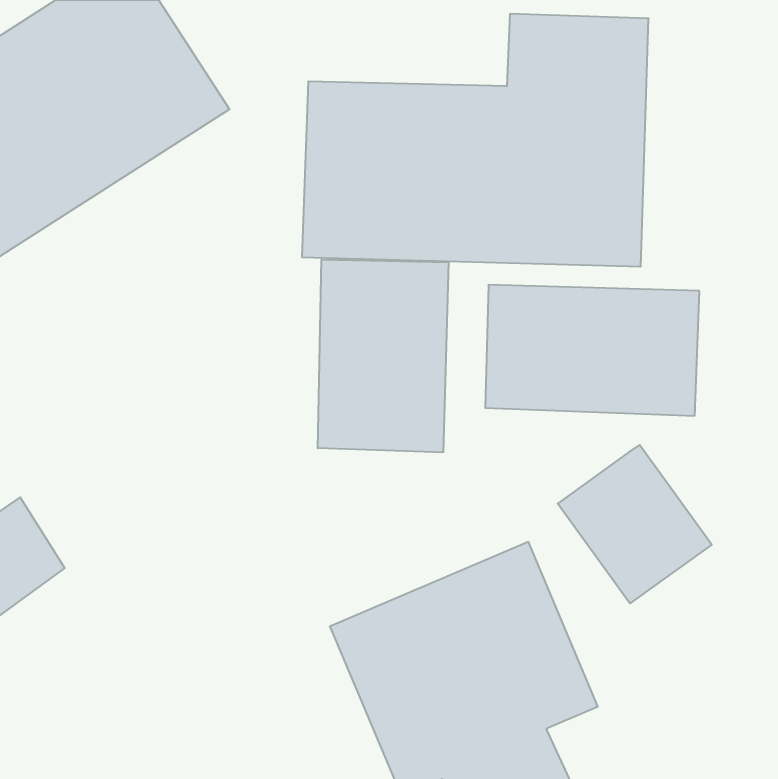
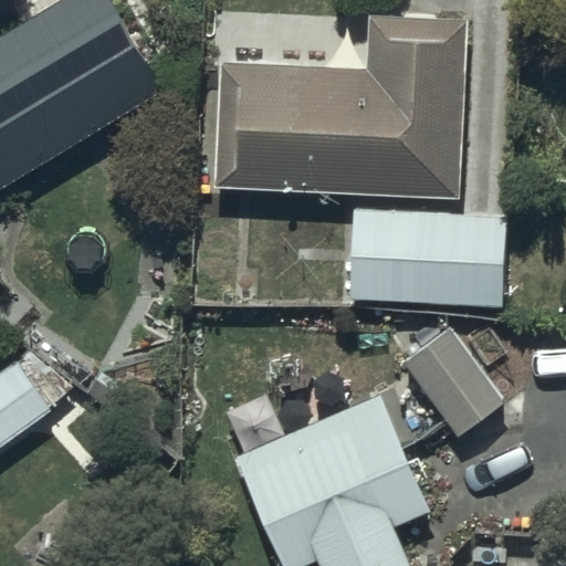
building: [318,259,449,452] -> none

